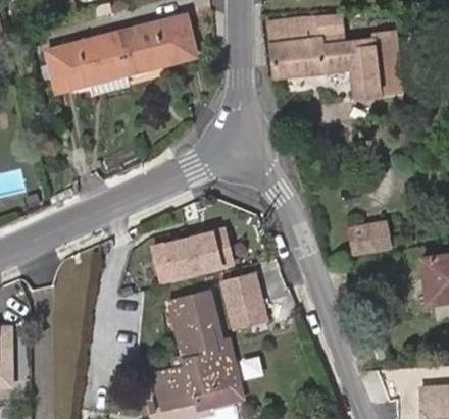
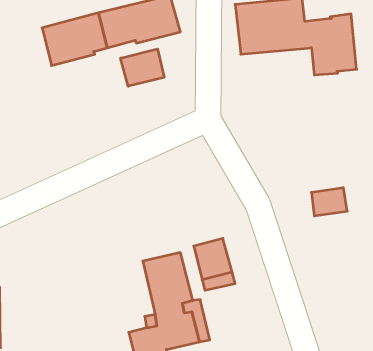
building: none -> [121,49,164,86]
building: [151,224,235,279] -> none

